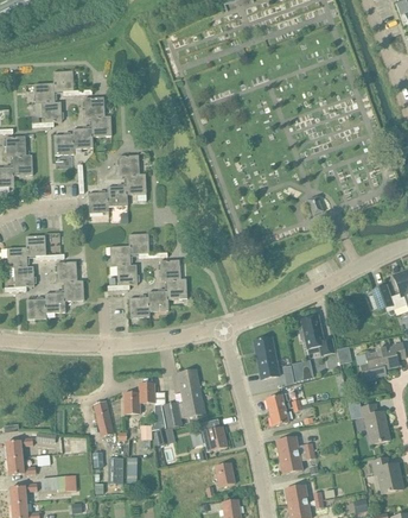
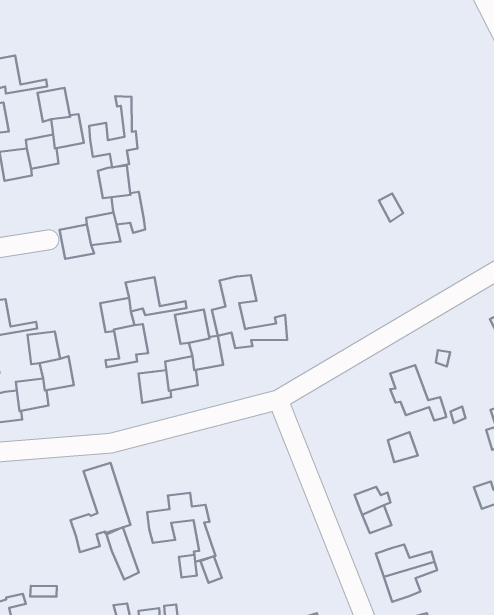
building: none -> [89,96,137,167]
building: none -> [212,275,287,348]
building: [253,336,279,379] -> none
building: [164,369,204,428] -> [70,463,130,552]
building: [199,418,227,451] -> none

